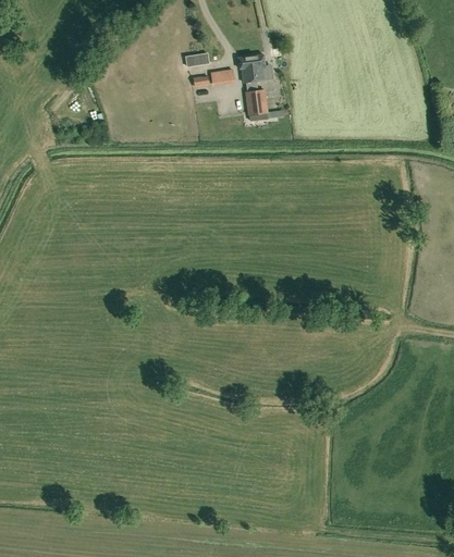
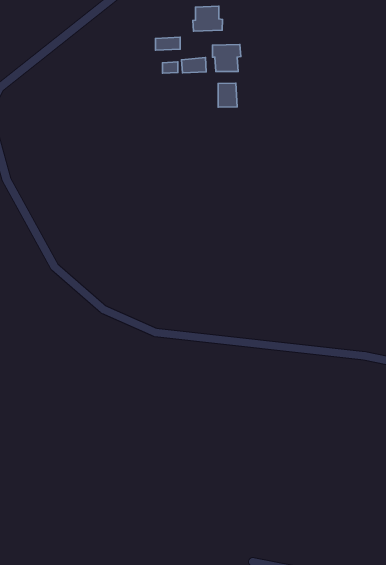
building: none -> [193,6,223,31]

